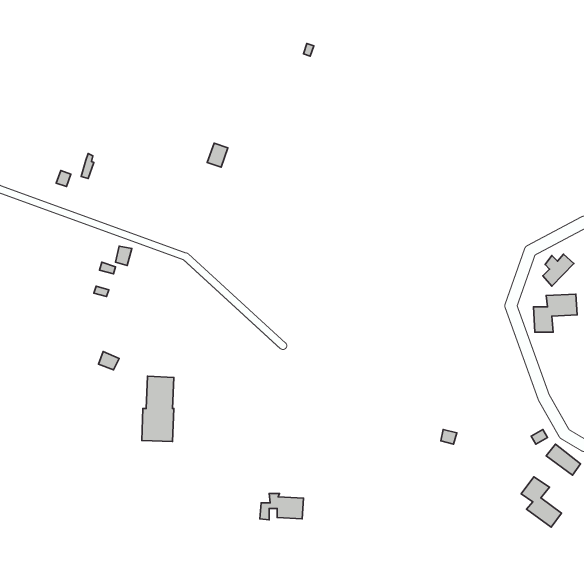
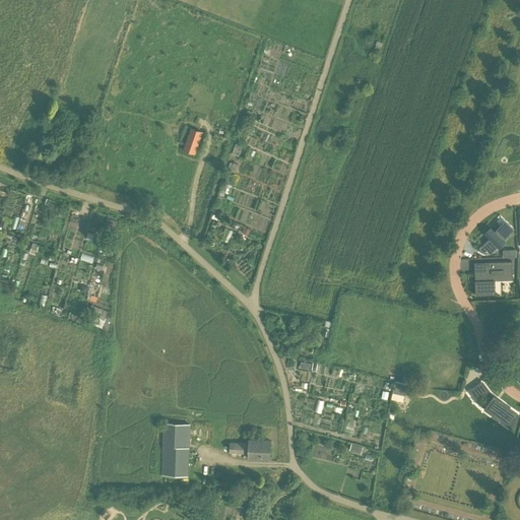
building: [142,376,174,442] -> [160,418,189,476]
building: [521,477,562,527] -> none

